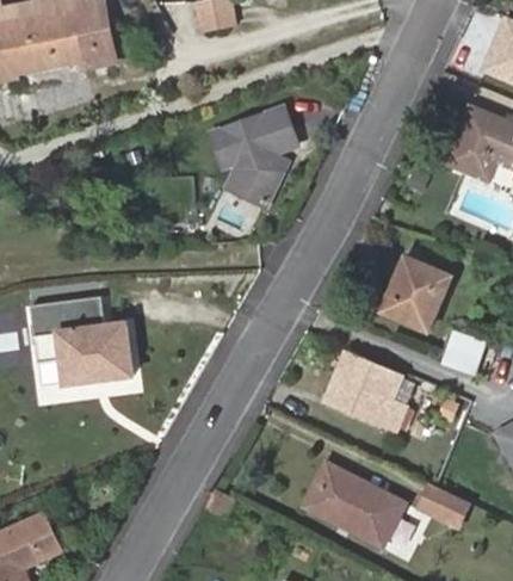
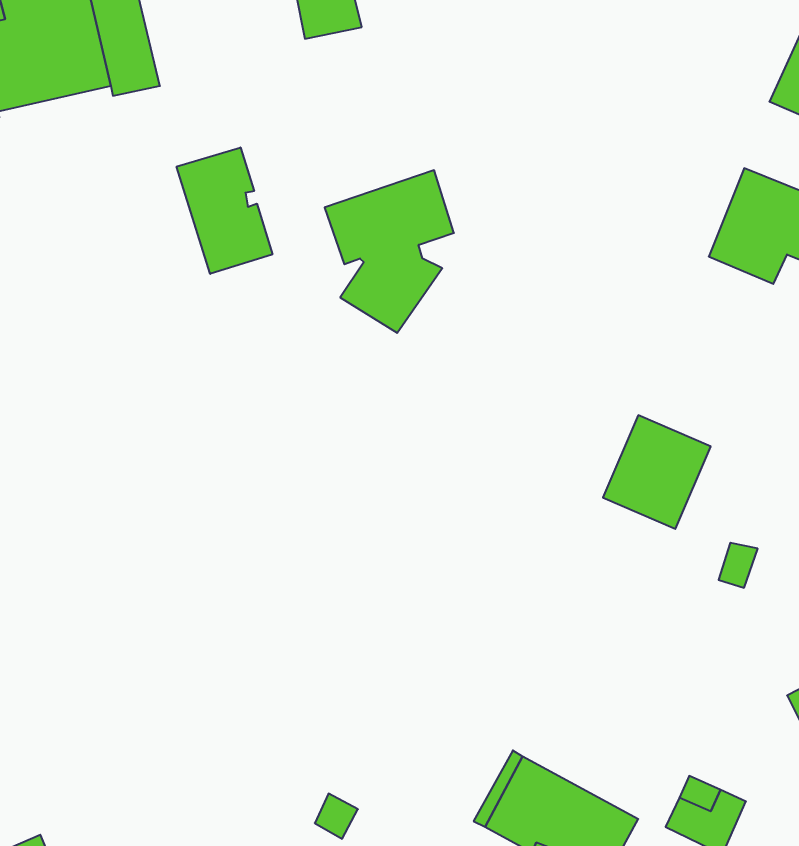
building: none -> [177,147,272,274]
building: [31,297,131,384] -> none
building: [326,353,403,427] -> none

